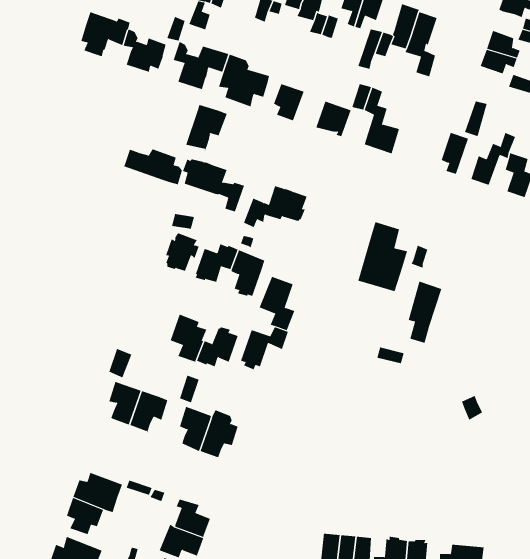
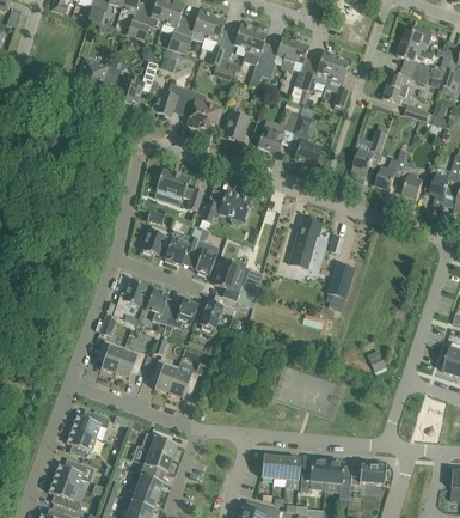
building: [185,104,228,152] -> none
building: [123,148,183,185] -> none
building: none -> [114,279,147,317]

